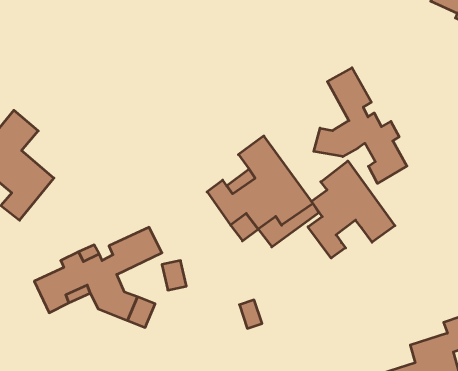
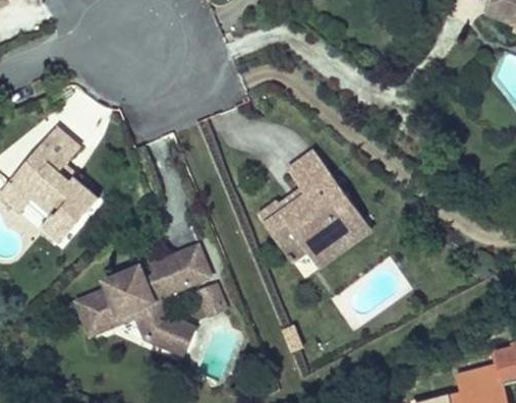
building: [314,68,407,183] -> none
building: [308,161,395,258] -> none

